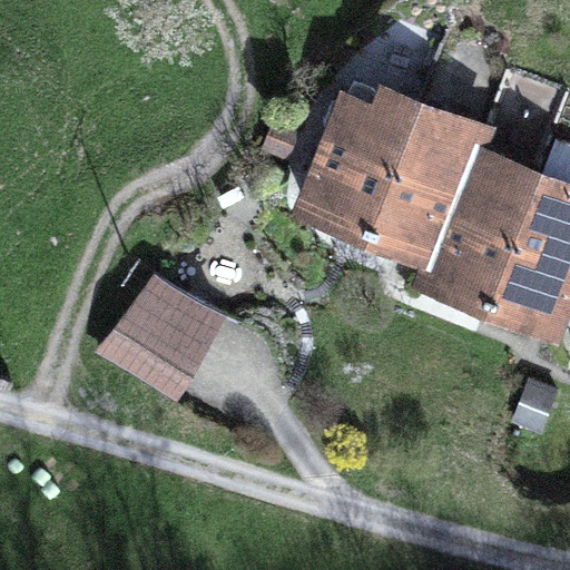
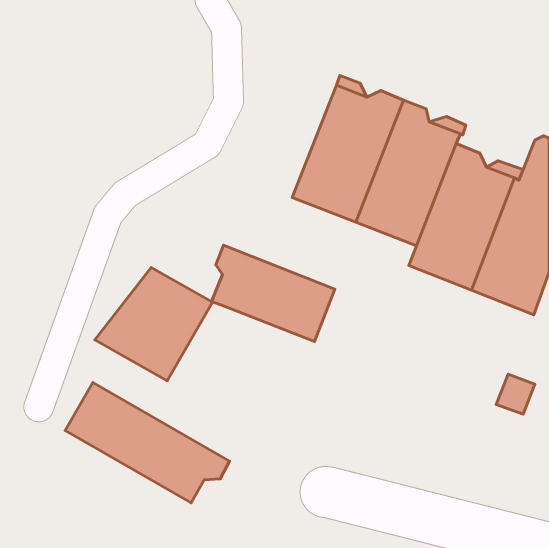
building: none -> [212,245,335,341]
building: none -> [65,382,229,503]

